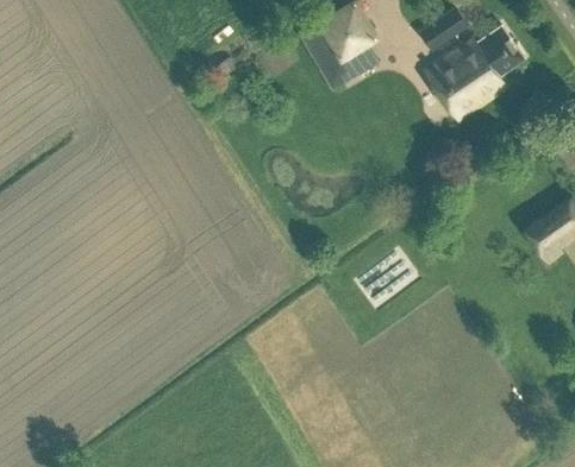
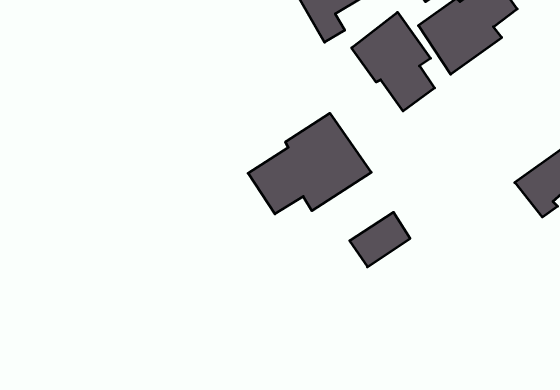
building: none -> [352,12,435,111]
building: none -> [248,113,371,214]

